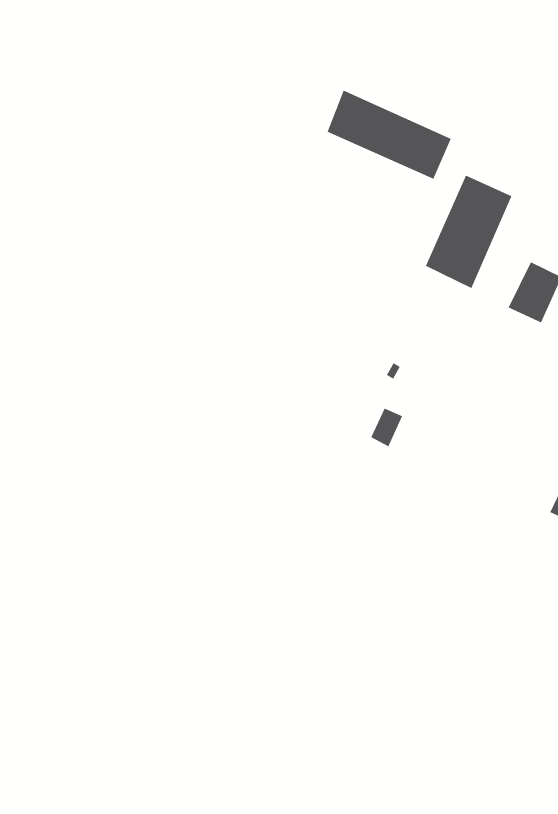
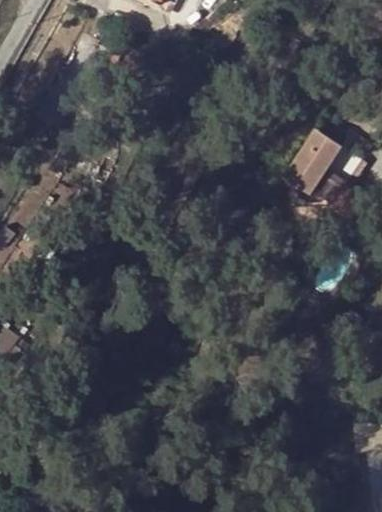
building: [327,89,452,180] -> none

